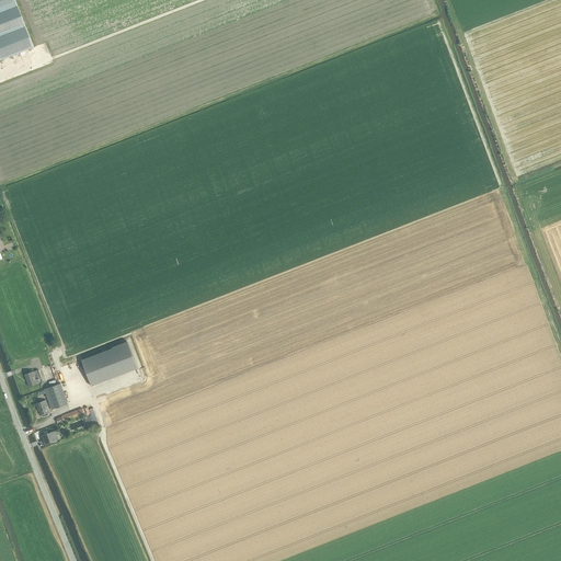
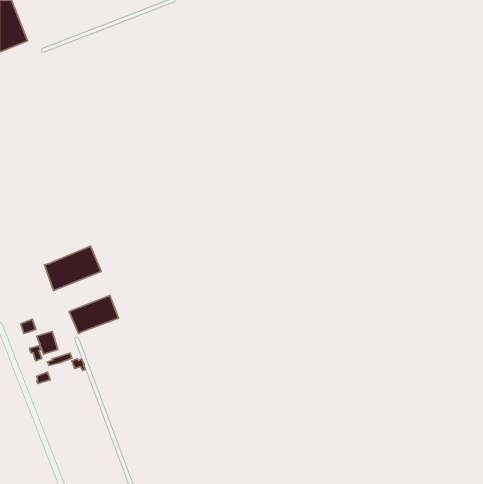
building: none -> [44,246,101,291]

